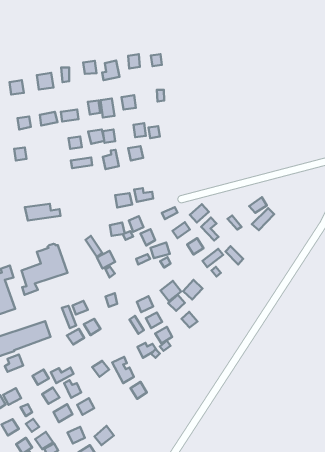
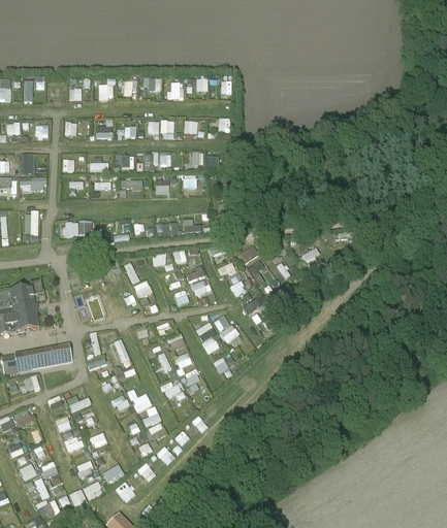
building: [21,244,67,295] -> none

